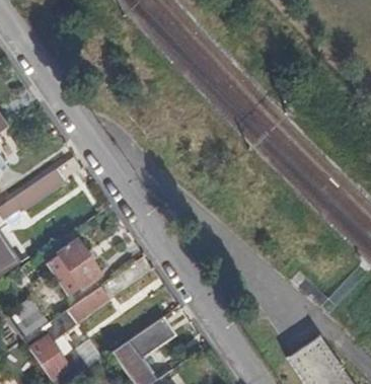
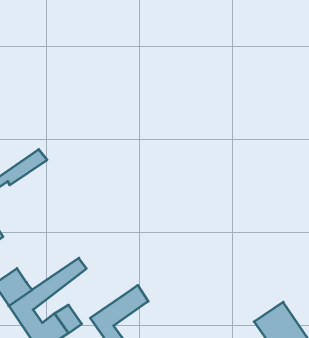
building: [50,241,99,295] -> none

